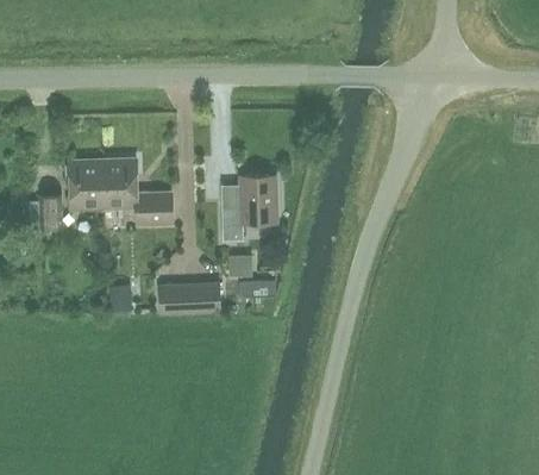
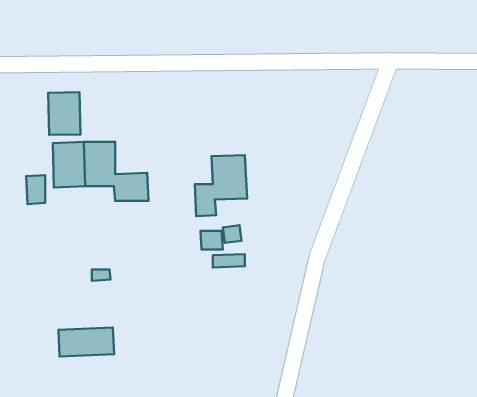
building: none -> [48,92,80,135]
building: [158,282,218,313] -> [58,328,114,356]

